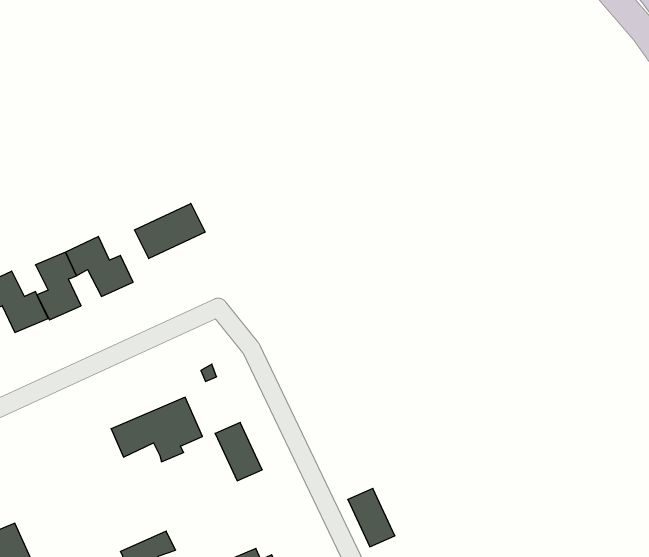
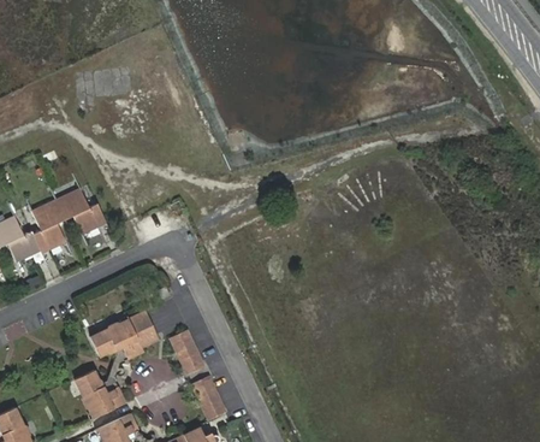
building: [134,203,205,259] -> none
building: none -> [72,369,125,418]
building: [348,488,395,547] -> [190,376,226,420]

